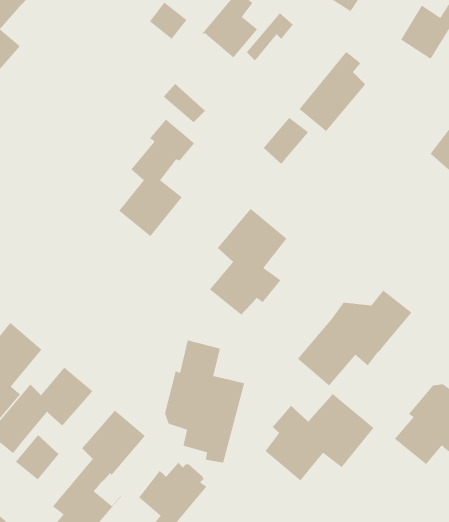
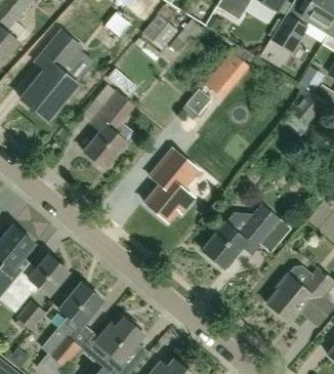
building: none -> [23,32,82,120]
building: [164,339,245,464] -> none
building: [265,393,375,481] -> none

